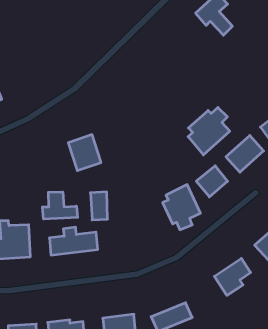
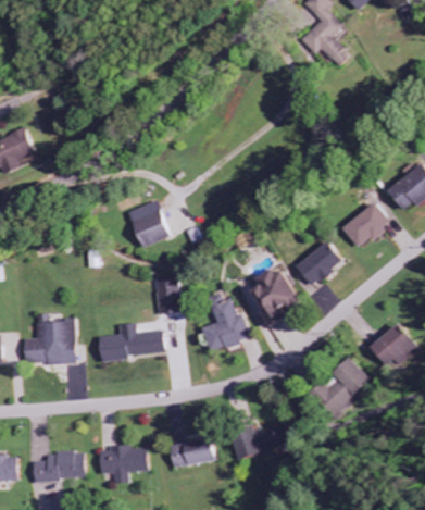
building: [188,107,230,155] -> none
building: [42,192,78,219] -> none
building: none -> [201,300,248,352]

